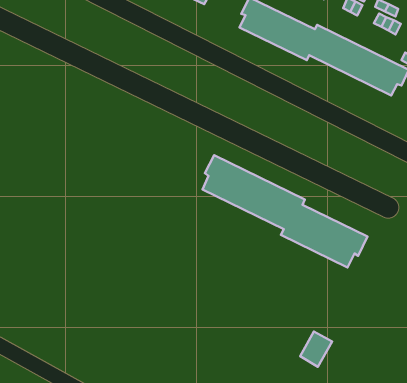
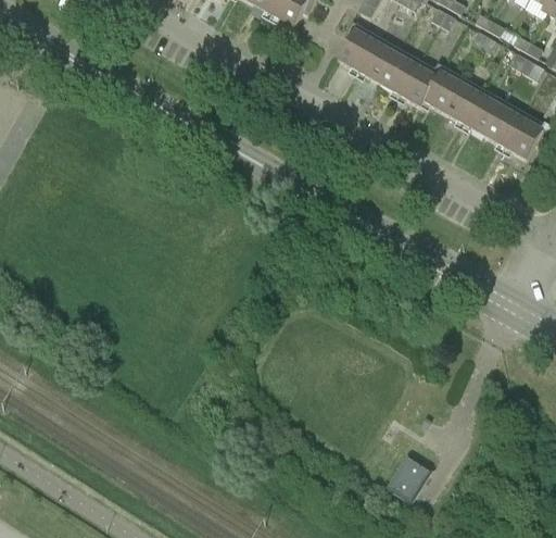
building: [202,155,367,268] -> none

